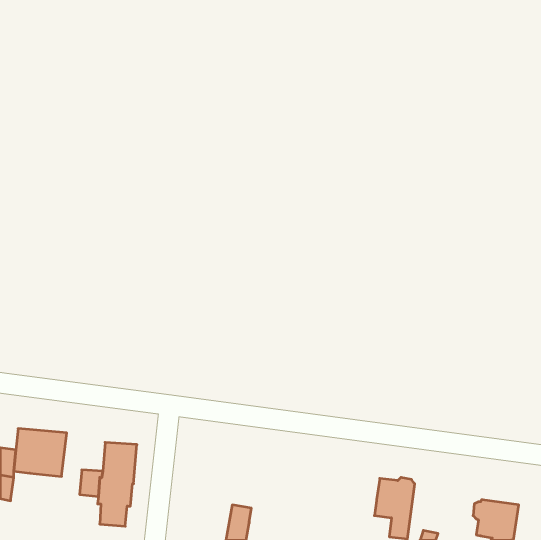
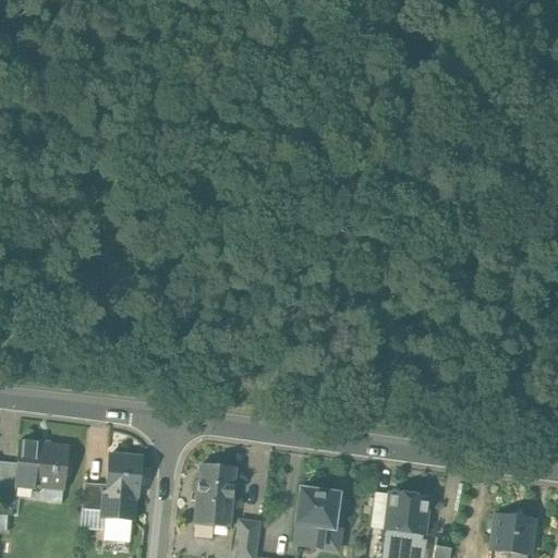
building: none -> [195,464,235,526]
building: none -> [294,485,339,548]

